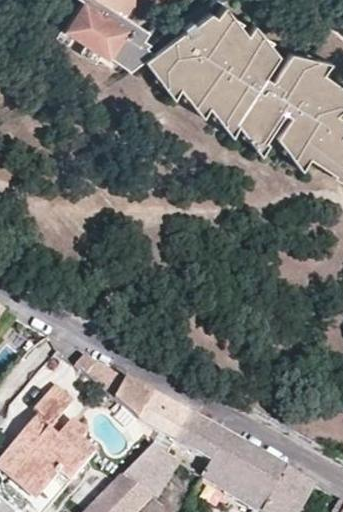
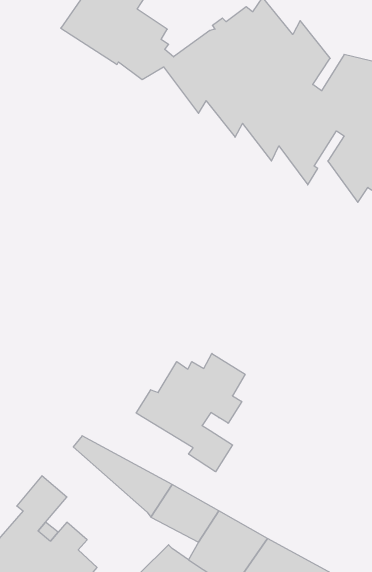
building: none -> [136,353,245,472]

